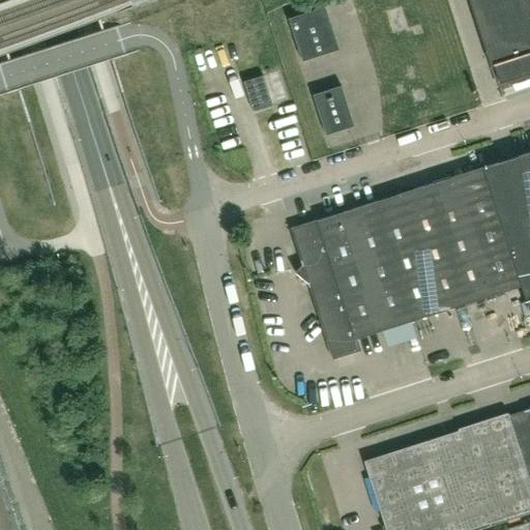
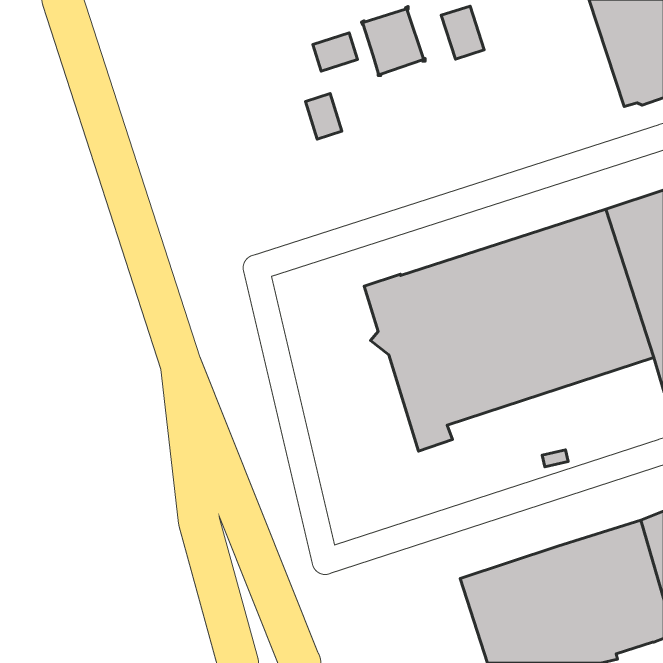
building: none -> [441,6,484,59]
building: none -> [313,33,358,71]
building: [314,85,355,135] -> none

